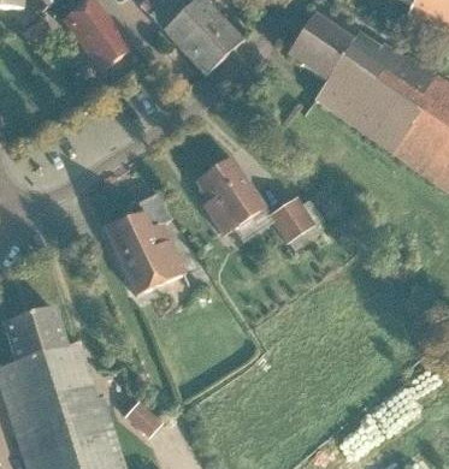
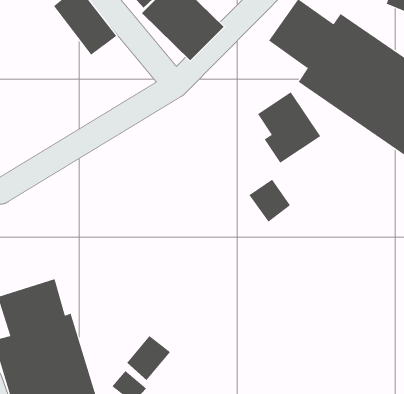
building: [195,154,262,230] -> [257,91,321,163]
building: [116,186,188,292] -> none
building: none -> [126,335,171,381]

